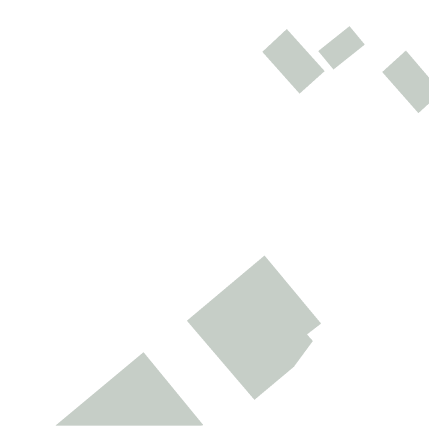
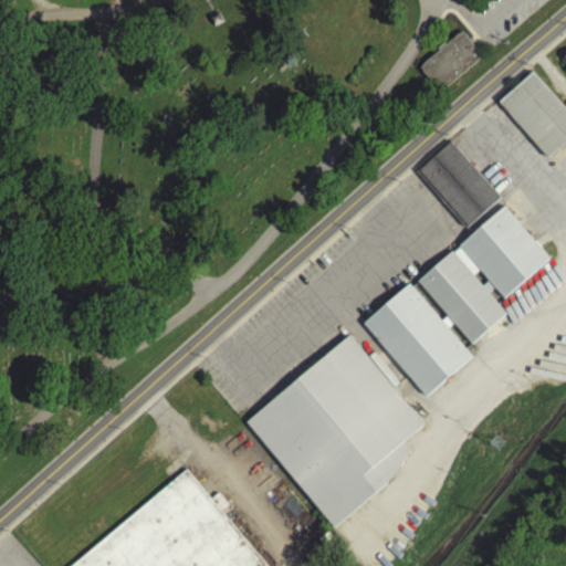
building: [262,28,326,95] -> [416,143,500,230]
building: none -> [363,209,552,399]

